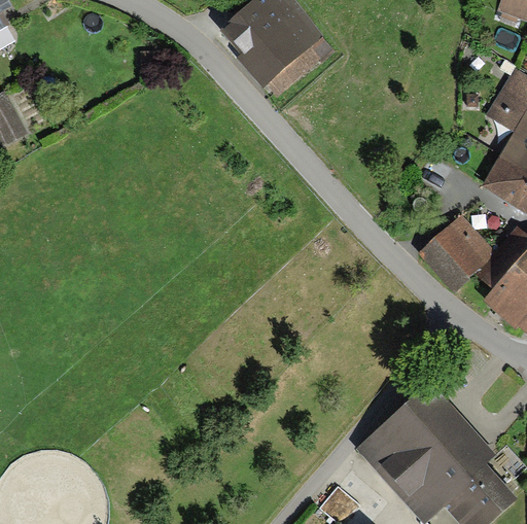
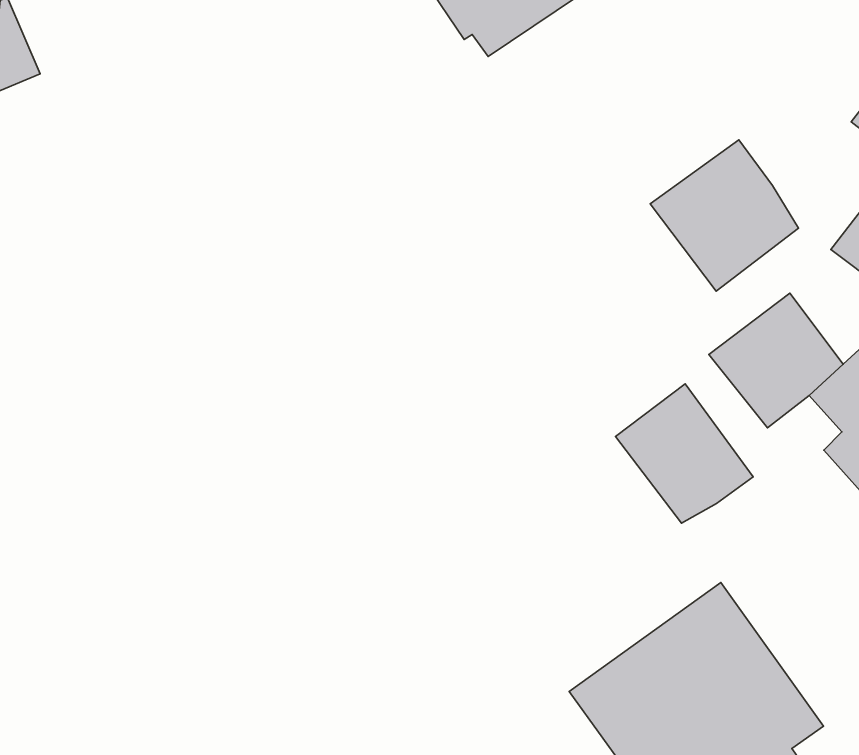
building: none -> [650,140,798,291]
building: none -> [616,384,753,523]

